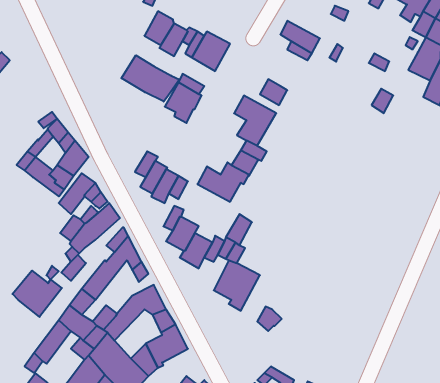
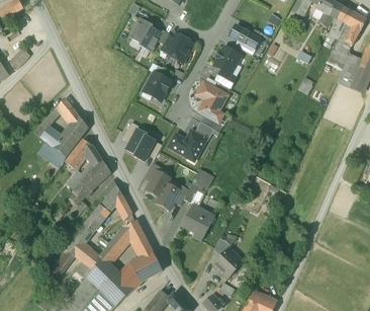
building: none -> [213,46,241,73]
building: [121,55,180,102] -> none
building: none -> [37,141,66,167]
building: [12,271,62,317] -> none
building: none -> [214,251,244,278]

